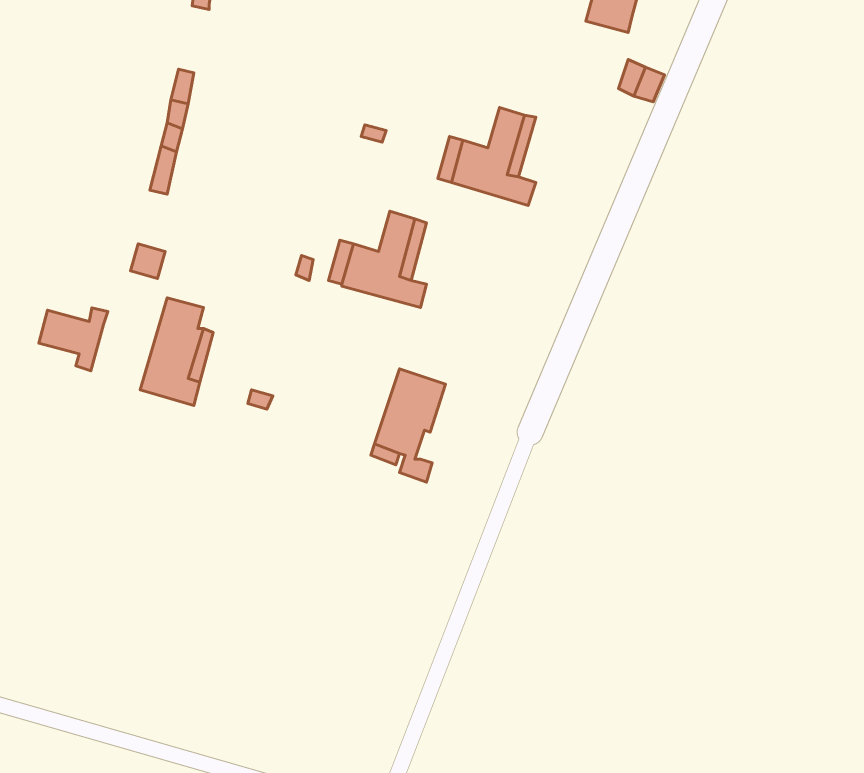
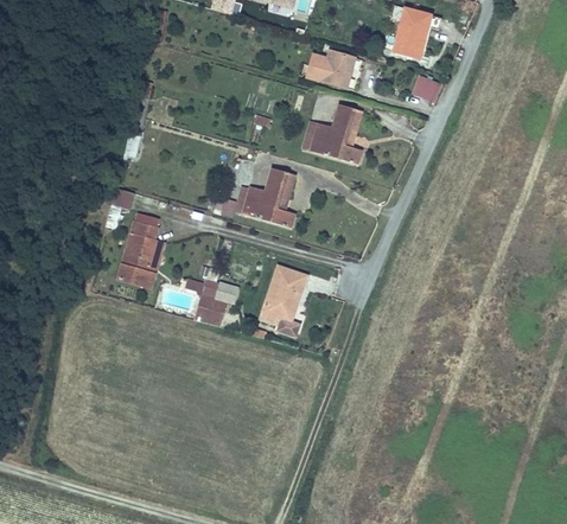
building: none -> [306,51,355,88]
building: [39,308,108,371] -> none
building: none -> [193,279,225,321]

